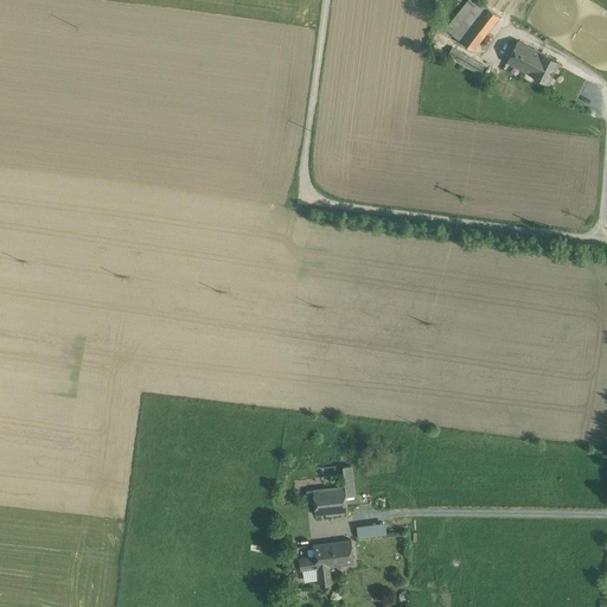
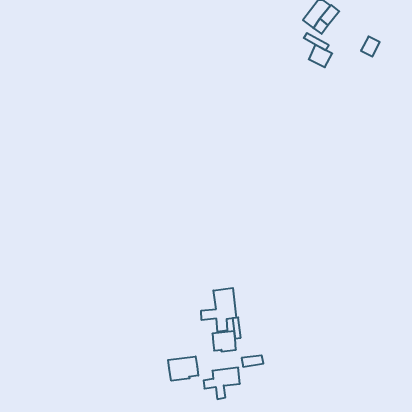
building: [506,41,541,75] -> [309,45,332,67]
building: none -> [201,288,236,332]
building: none -> [168,356,198,381]

